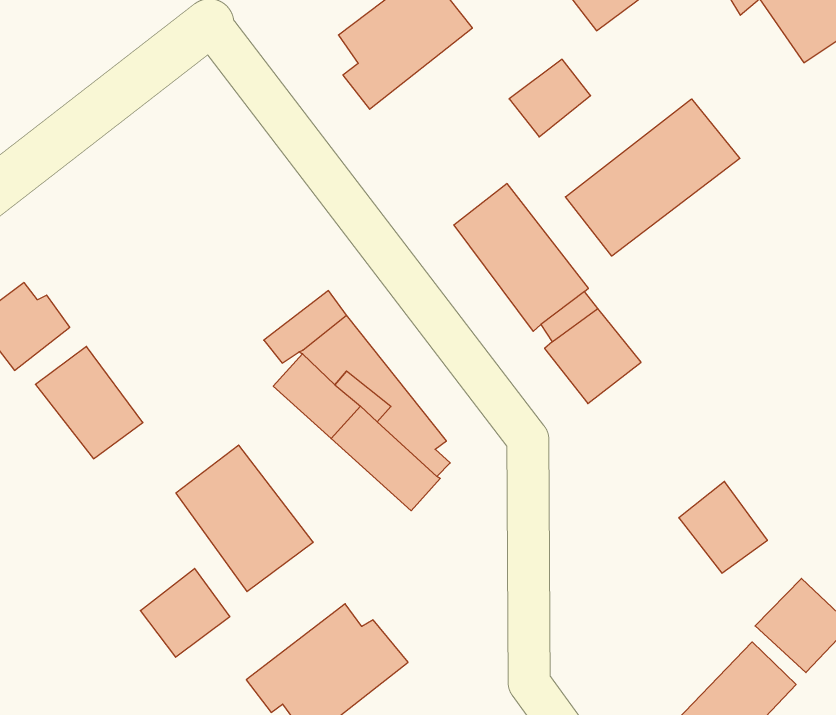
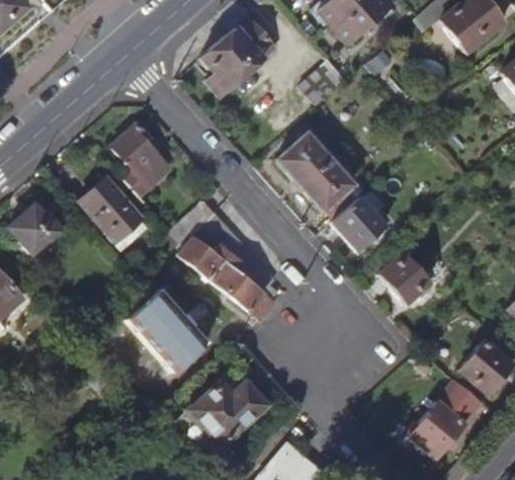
building: [565,99,740,256] -> none
building: none -> [111,122,174,196]
building: [35,346,143,459] -> [81,178,143,241]
building: [679,481,767,573] -> [379,253,430,305]
building: [140,568,230,657] -> none

